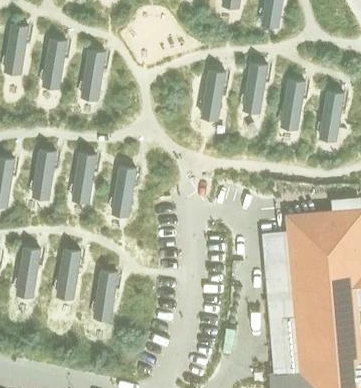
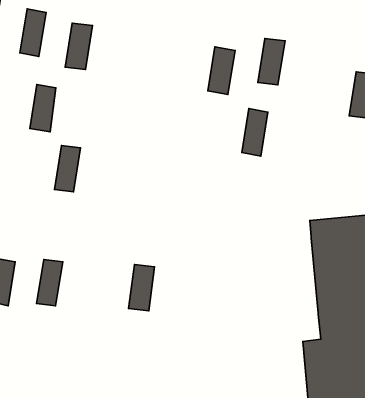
building: [282,81,304,121] -> [242,109,268,156]
building: [33,151,55,191] -> [30,84,56,132]
building: [113,168,135,208] -> none
building: [95,272,117,311] -> [128,265,155,311]

